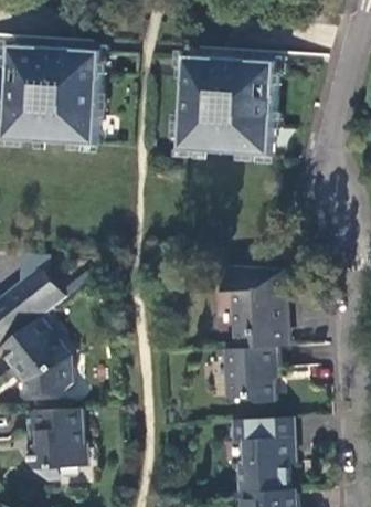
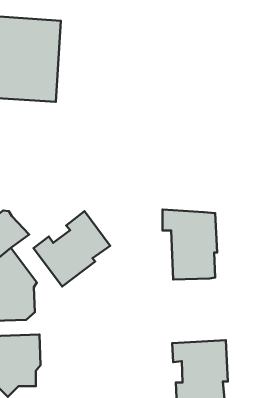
building: [181,56,278,155] -> none
building: none -> [33,211,110,287]
building: [222,347,276,403] -> none

